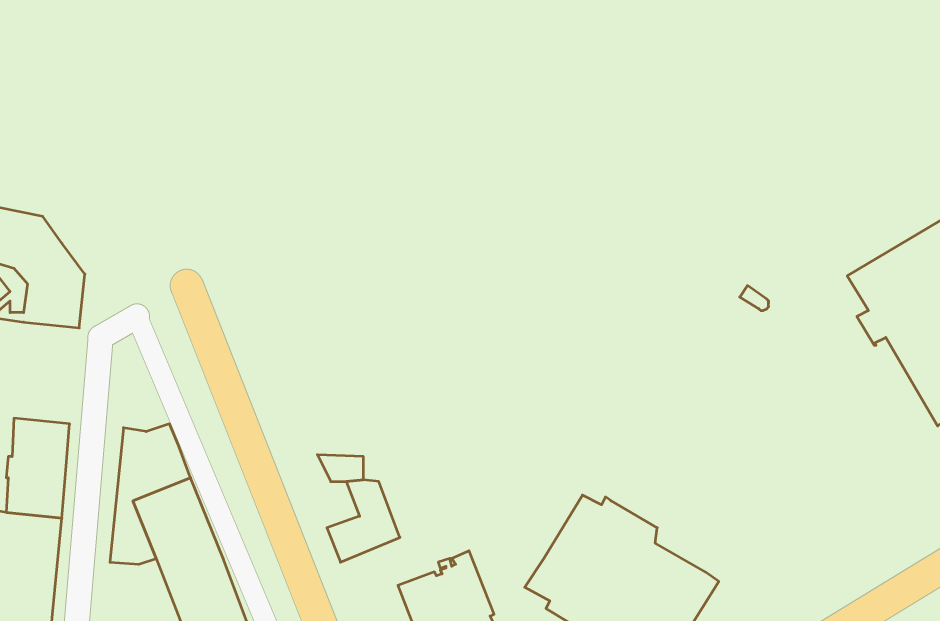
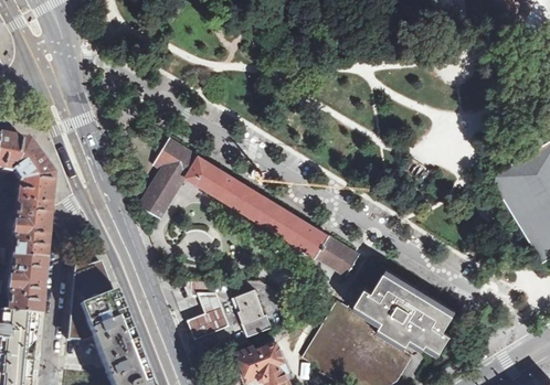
building: none -> [139,138,360,276]
building: none -> [11,203,49,261]
building: none -> [355,275,453,355]
building: none -> [233,289,272,336]

